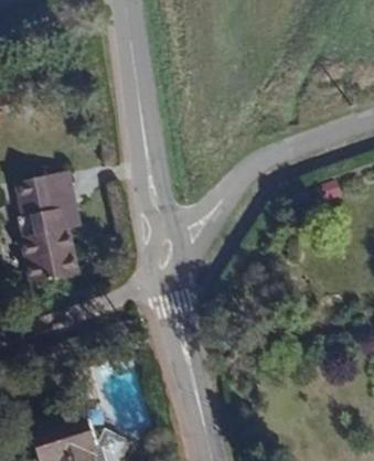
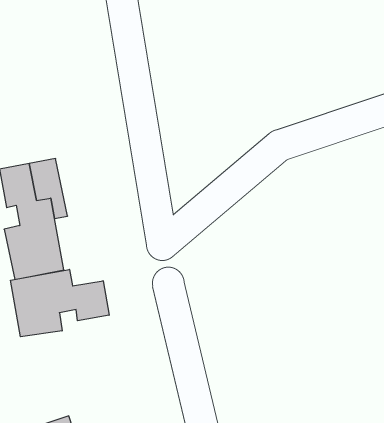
building: none -> [11,269,109,337]

